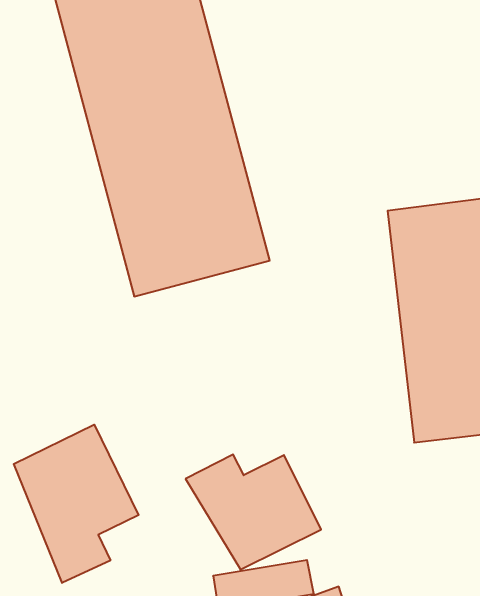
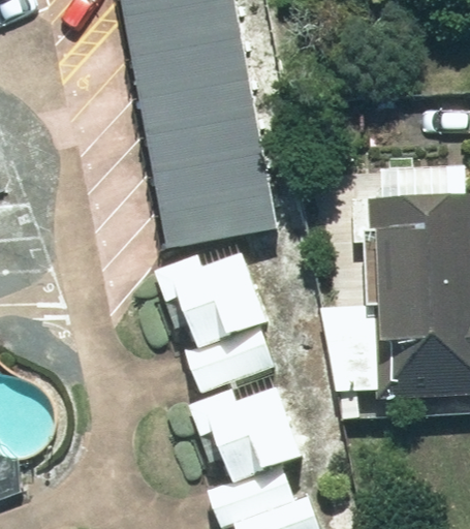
building: none -> [158,251,269,393]
building: [14,425,139,583] -> none

